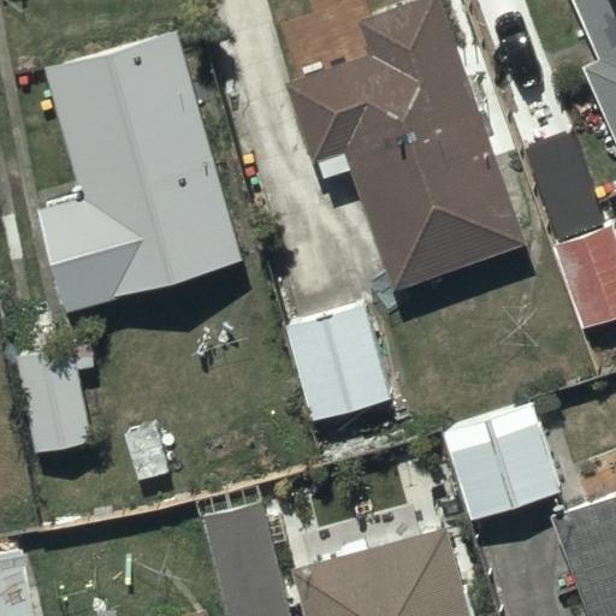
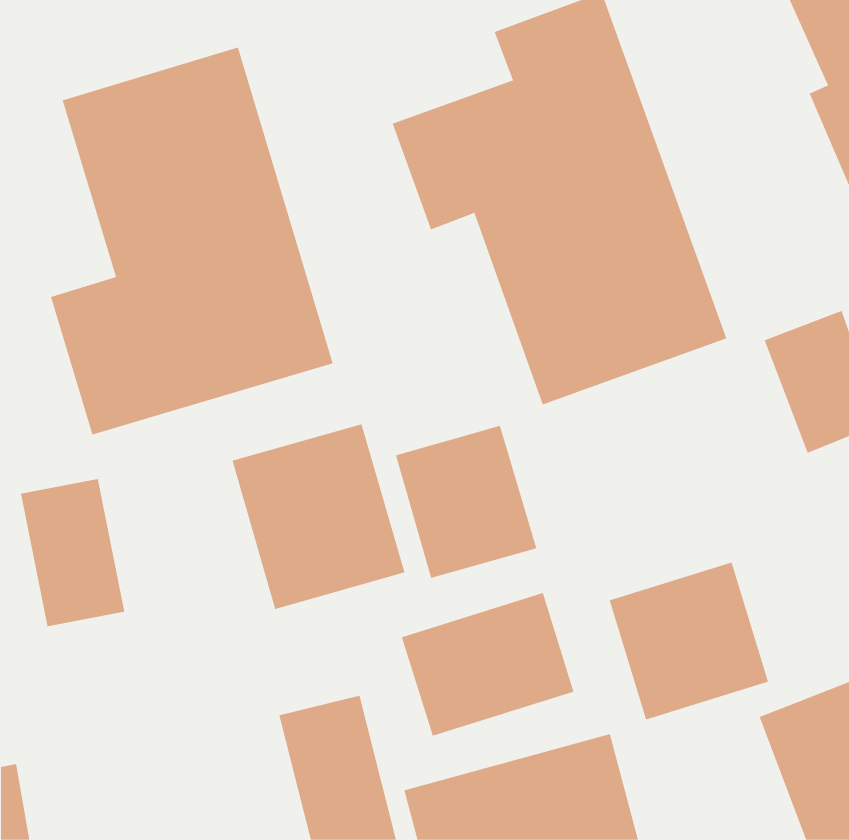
building: none -> [232,423,405,610]
building: none -> [401,592,574,737]

